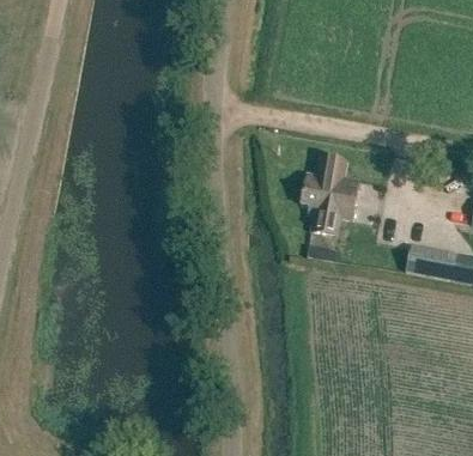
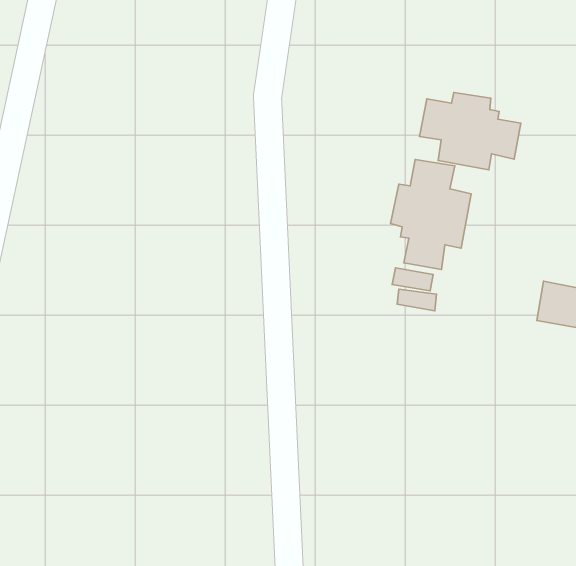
building: none -> [419,92,521,170]

